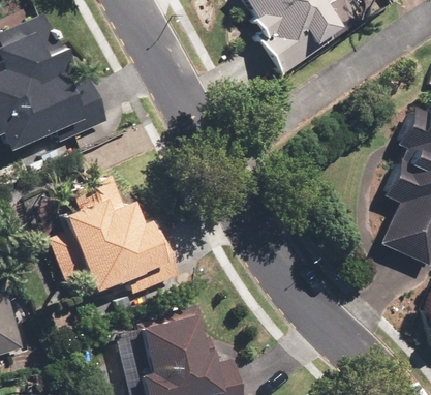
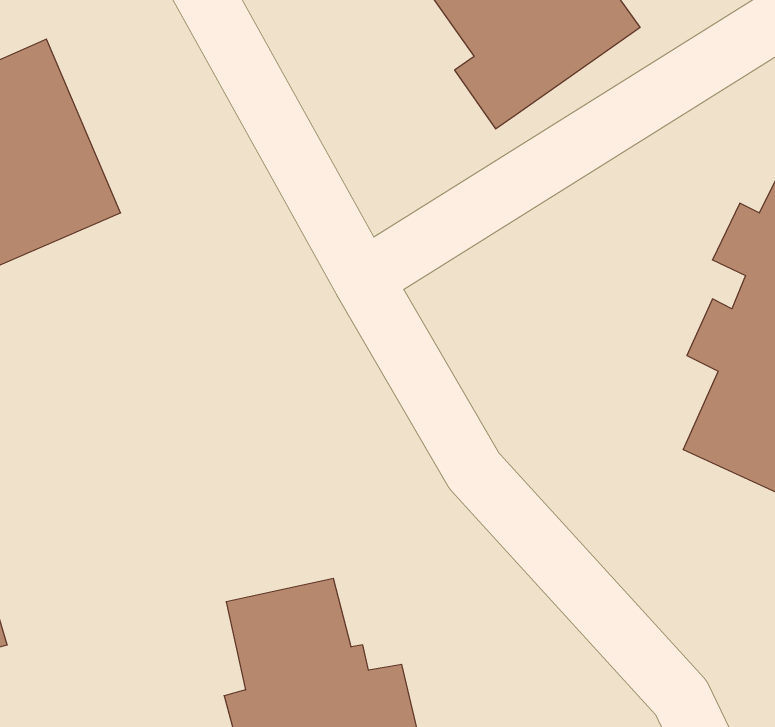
building: [42,194,166,292] -> none

